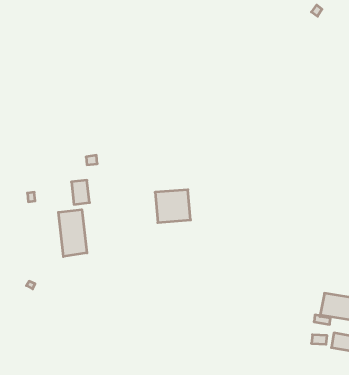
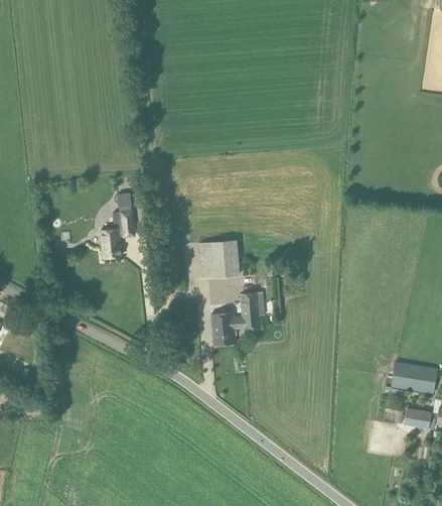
building: [58,210,87,257] -> none
building: none -> [211,292,264,345]

